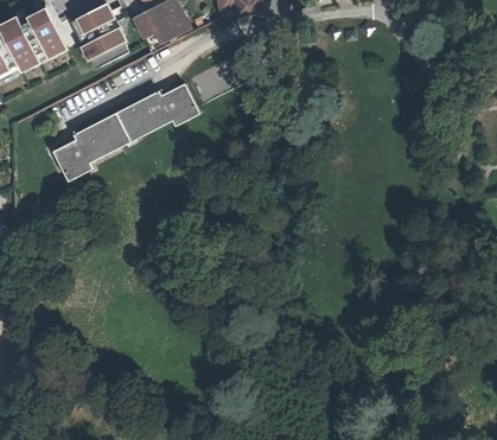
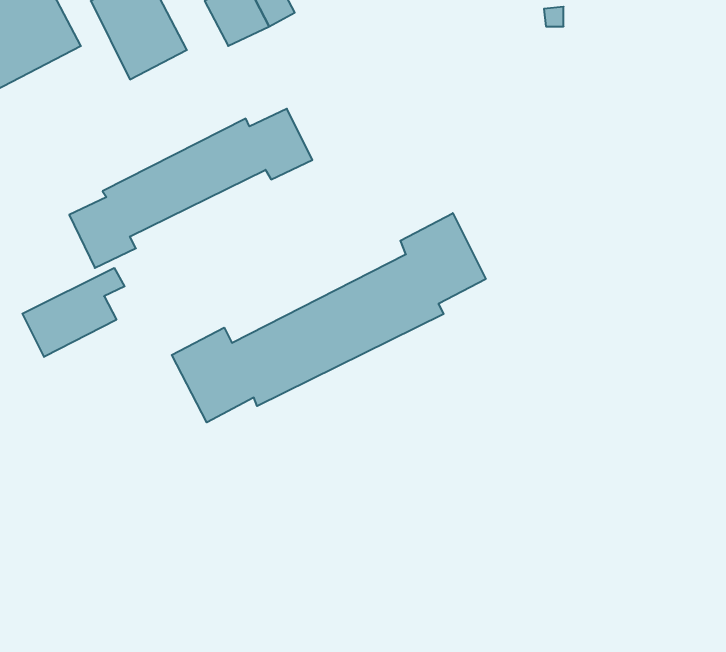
building: none -> [172,213,486,422]
building: none -> [22,268,125,357]

